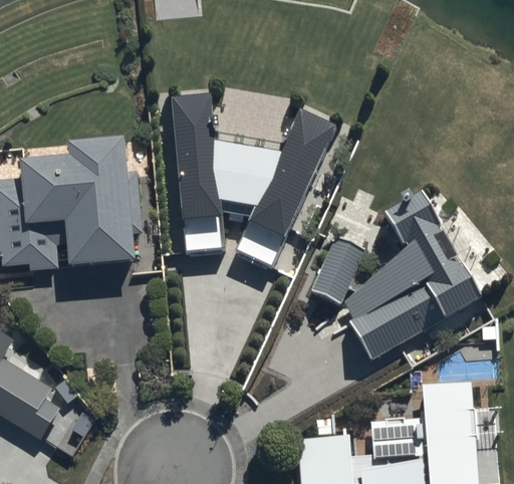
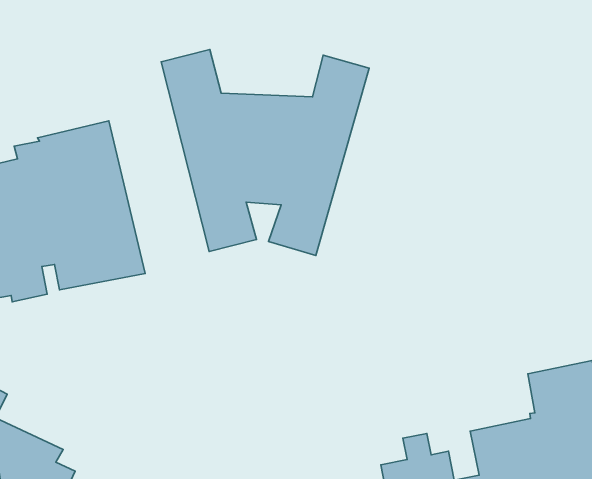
building: [310,194,480,359] -> none

